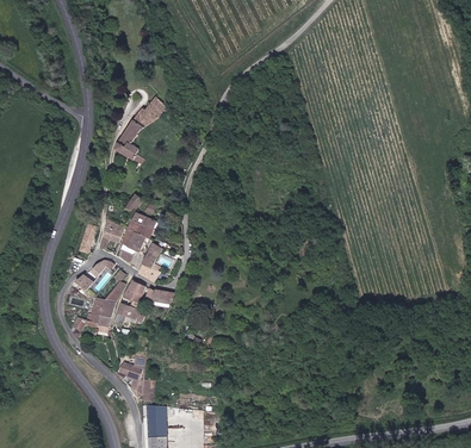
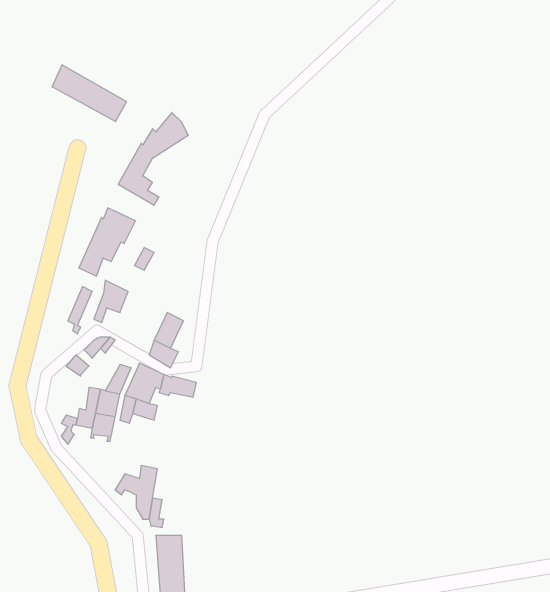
building: none -> [52,65,127,122]
building: [117,212,159,262] -> [79,208,136,276]

